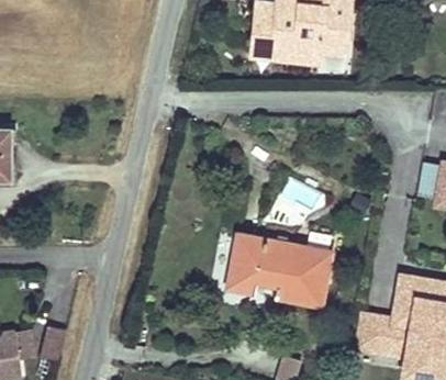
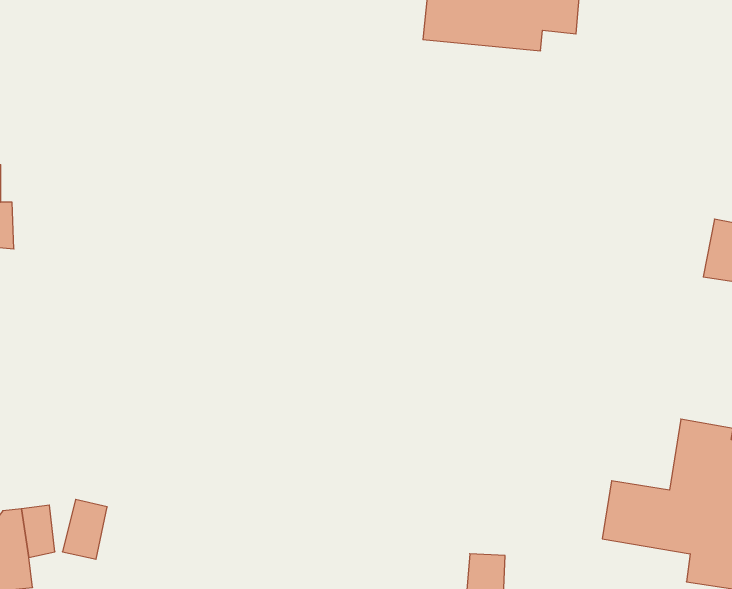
building: [228,234,331,305] -> none

